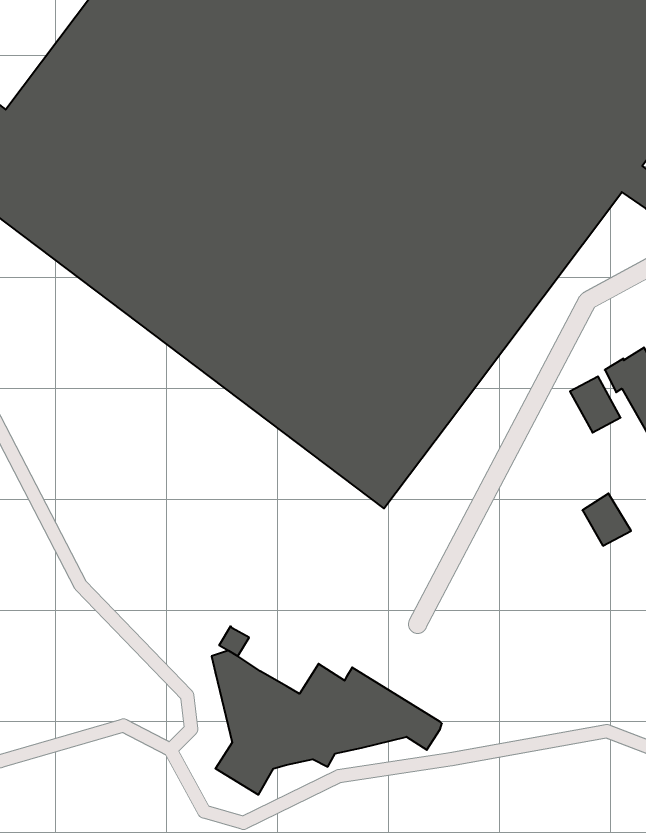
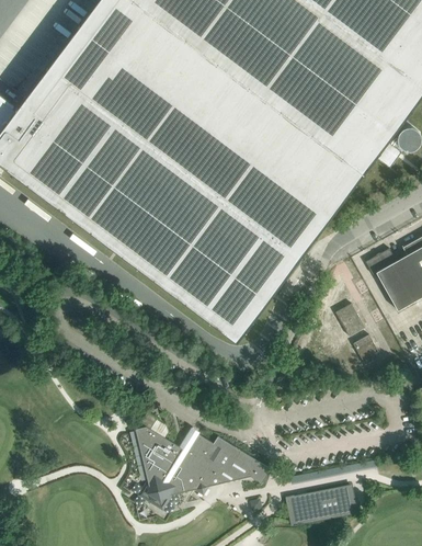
building: [570,376,621,433] -> [335,302,365,334]
building: none -> [285,485,358,525]

